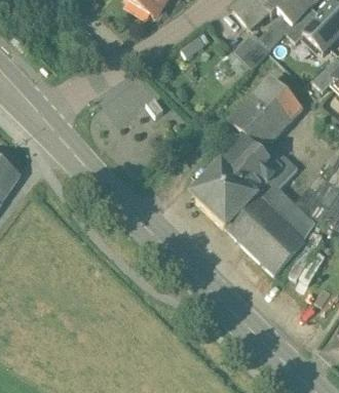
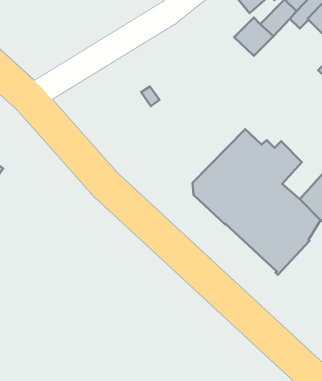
building: [228,78,302,151] -> none

